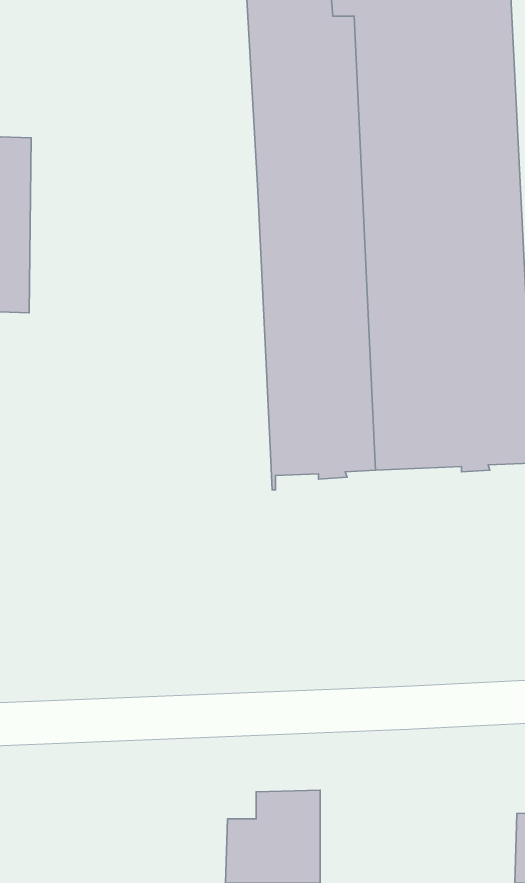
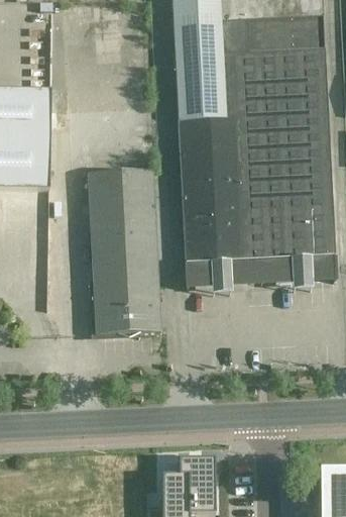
building: none -> [88,169,160,334]

